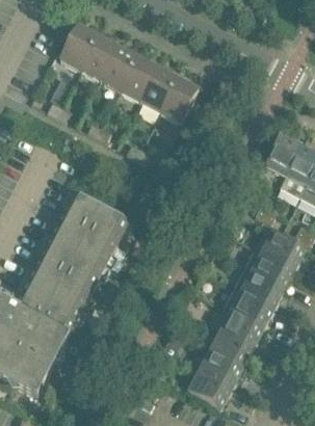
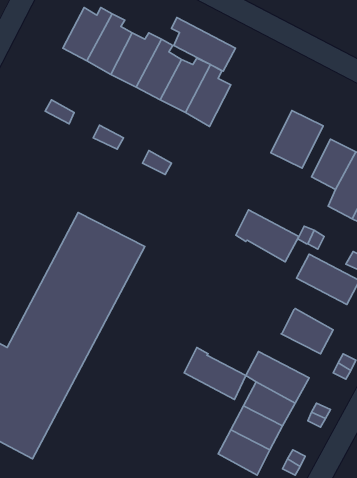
building: none -> [172,17,235,71]
building: none -> [271,110,323,168]
building: [242,245,294,288] -> [236,210,299,262]
building: [221,285,272,327] -> [184,348,246,399]

